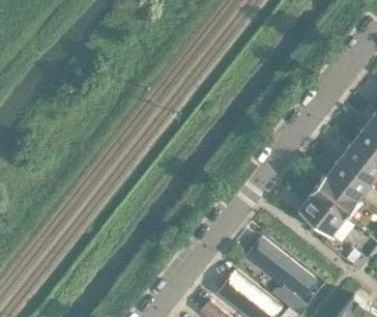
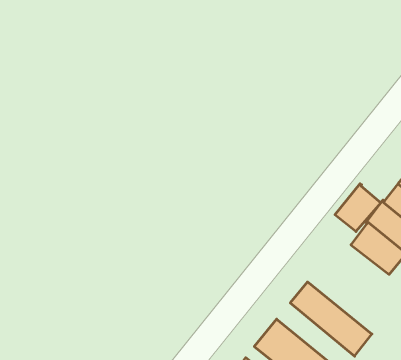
building: none -> [335,184,381,232]

